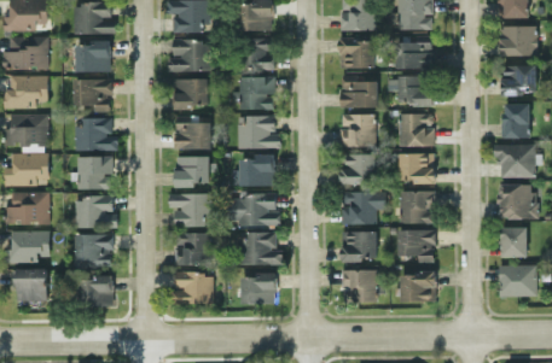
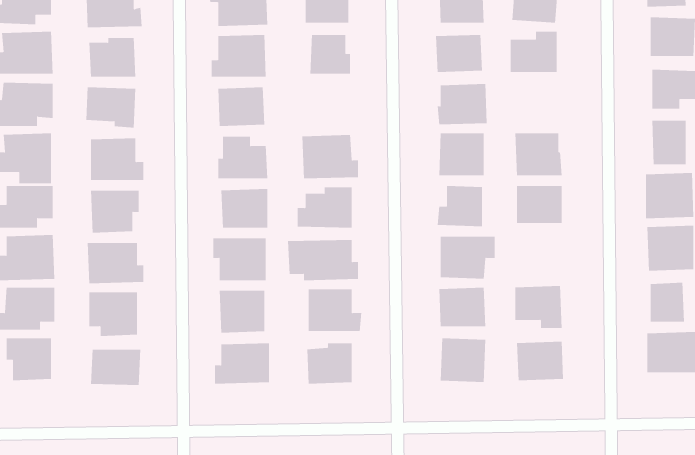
building: [399,75,432,106] -> none
building: [237,76,274,110] -> none
building: [400,191,435,223] -> none

